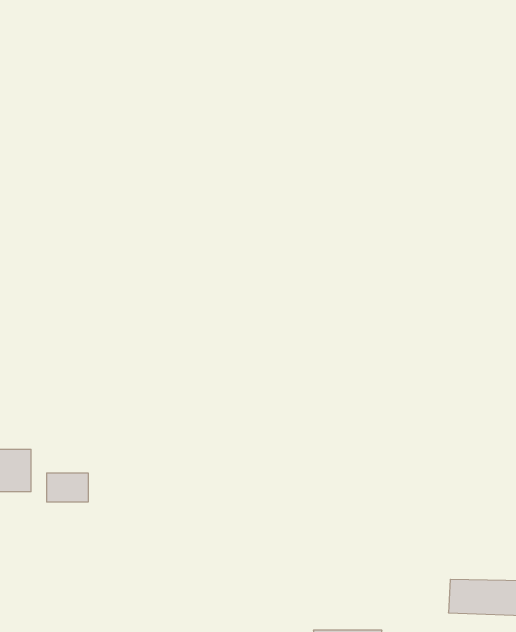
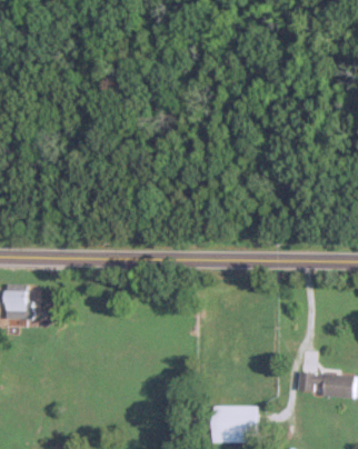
building: [47,473,88,502] -> none

